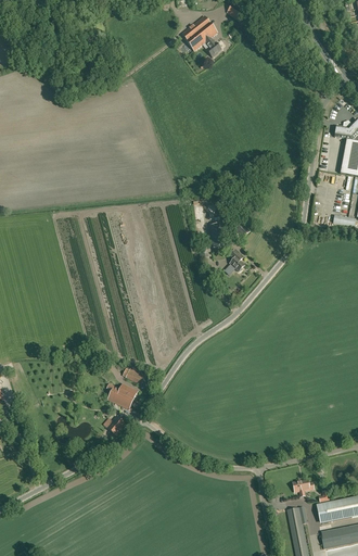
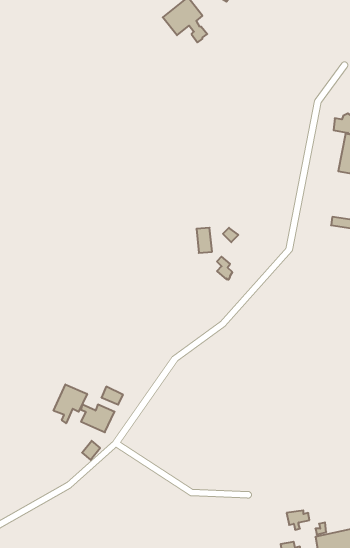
building: none -> [54,384,87,423]

